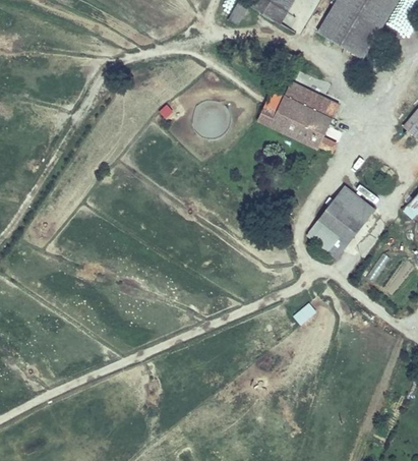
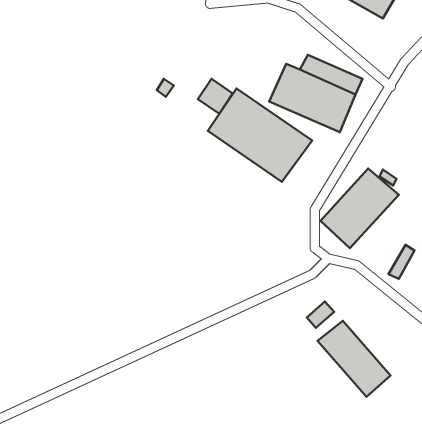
building: none -> [208,89,312,182]
building: none -> [318,321,390,397]

